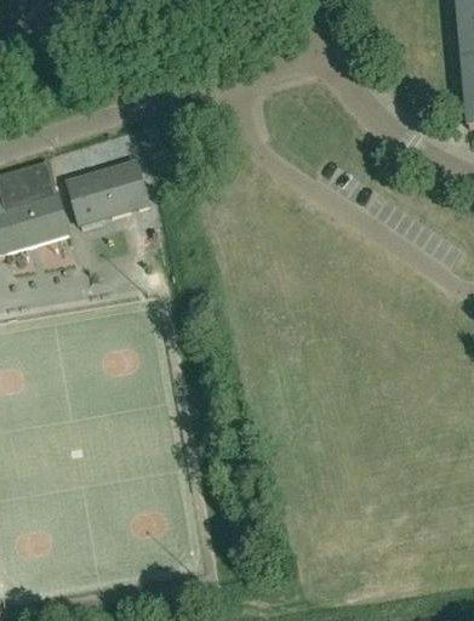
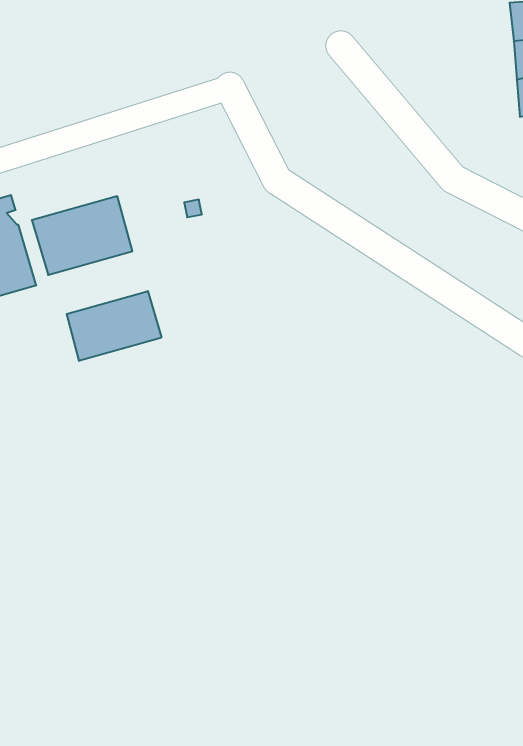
building: none -> [67,291,161,361]

